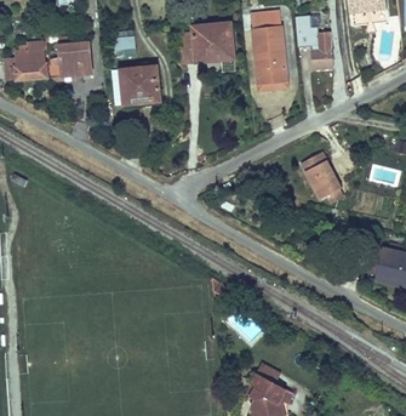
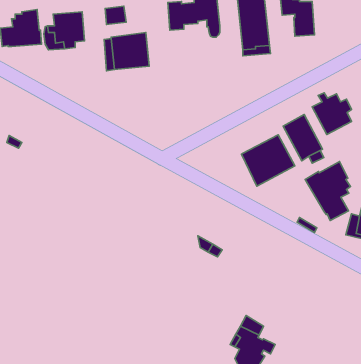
building: none -> [312,93,352,135]
building: none -> [241,135,295,186]
building: none -> [305,162,351,220]

